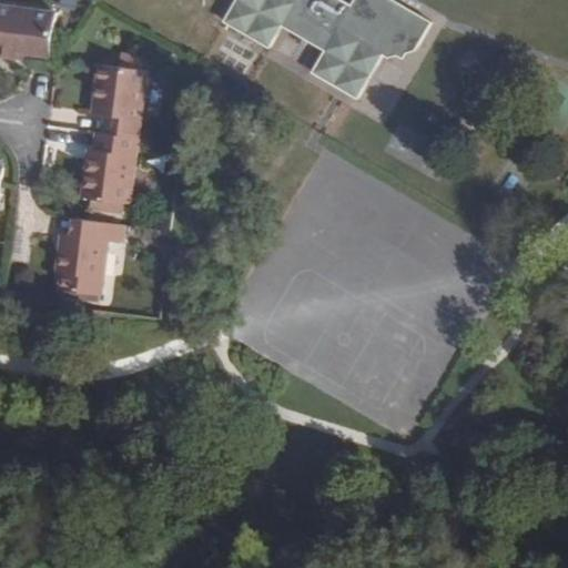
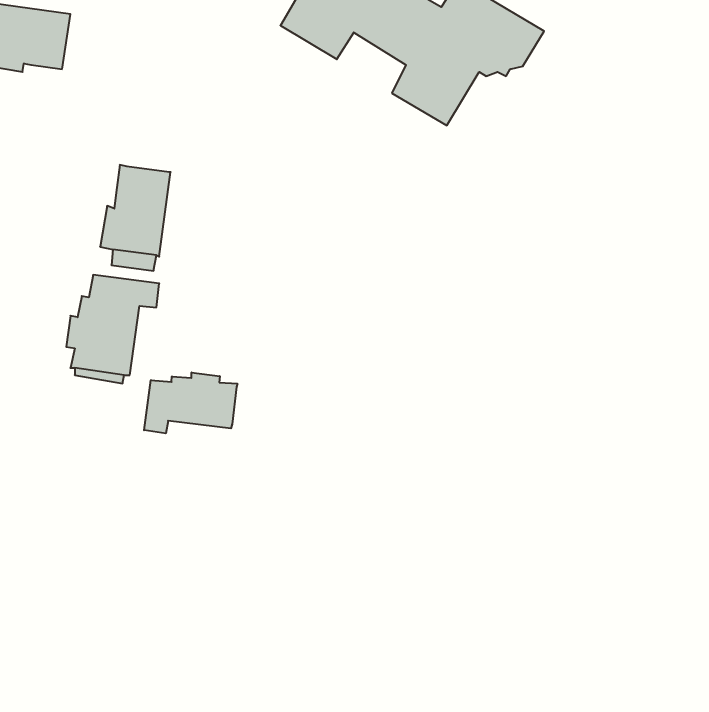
building: [92,63,143,135] -> none
building: none -> [144,372,237,433]

